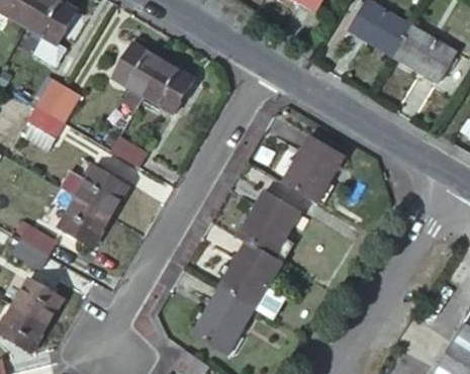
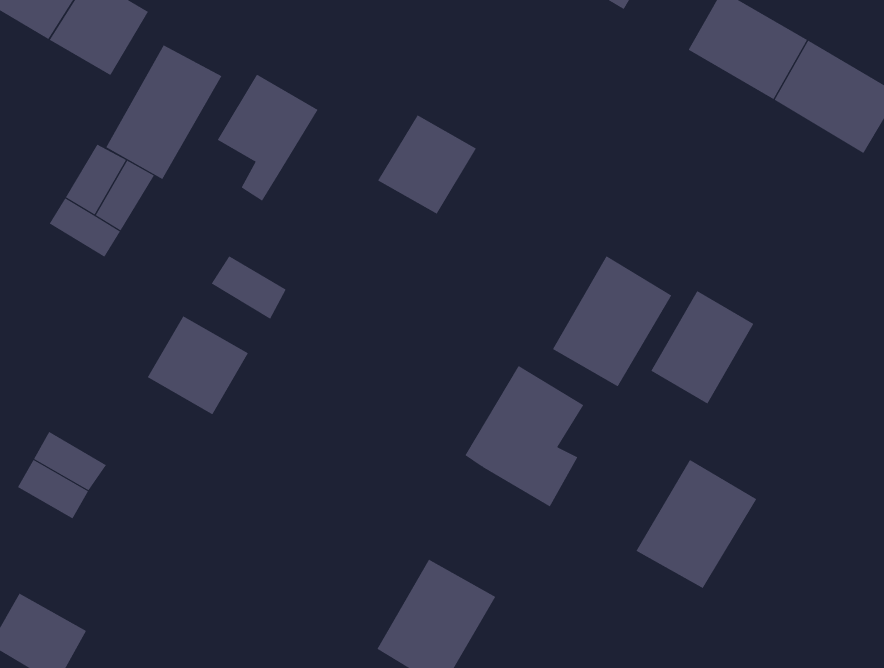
building: none -> [106,45,222,180]
building: [144,61,194,111] -> [377,115,477,214]
building: none -> [651,290,754,405]
building: [60,196,110,247] -> none
building: [219,242,281,307] -> [635,459,757,589]
building: [12,277,63,324] -> none

